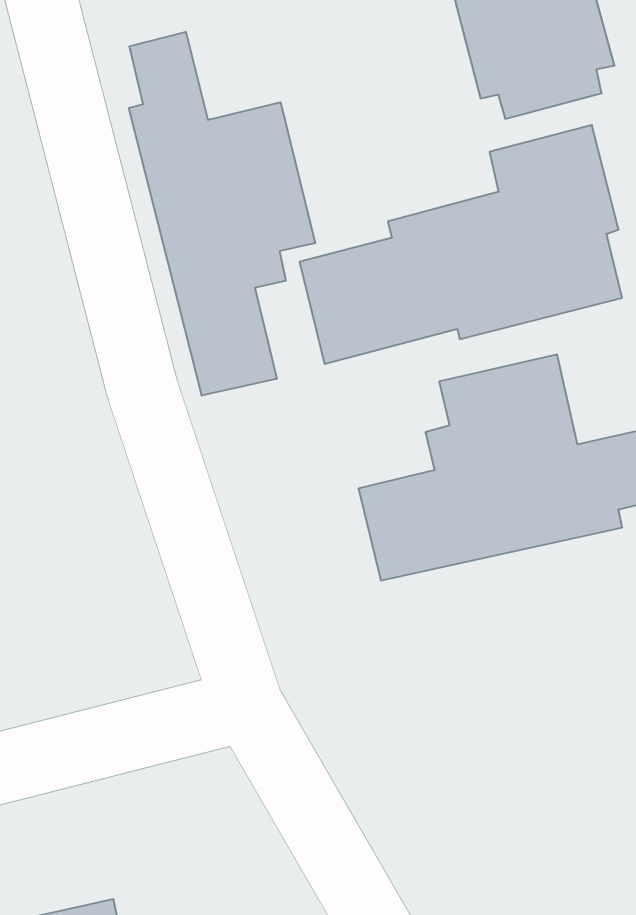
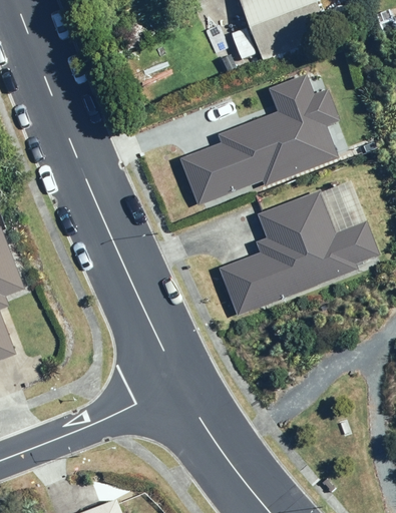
building: [129,32,315,396] -> none

